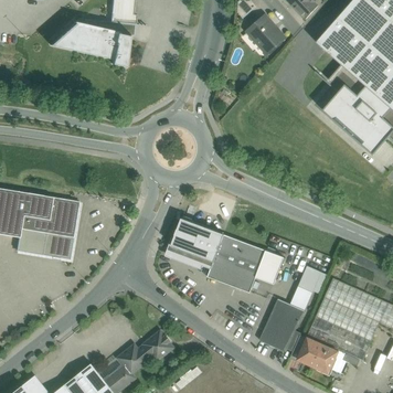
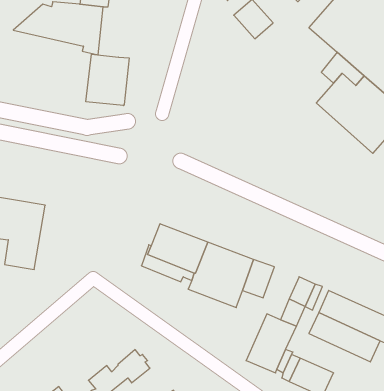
building: none -> [86,54,129,106]
building: [308,317,371,361] -> none

